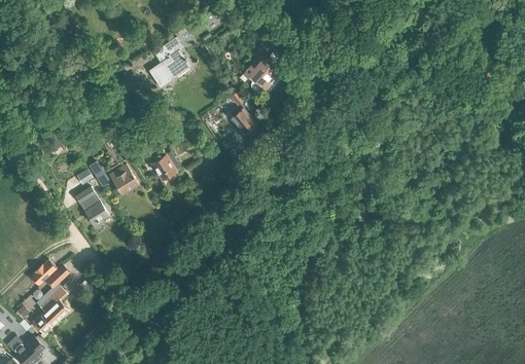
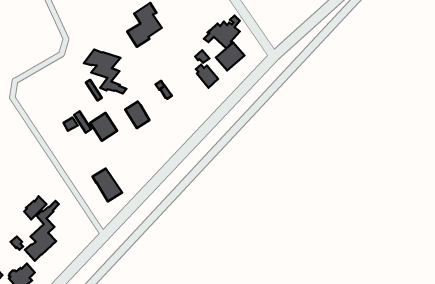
building: none -> [216,43,245,71]
building: none -> [84,50,127,93]
building: [74,187,108,225] -> [93,168,122,202]

